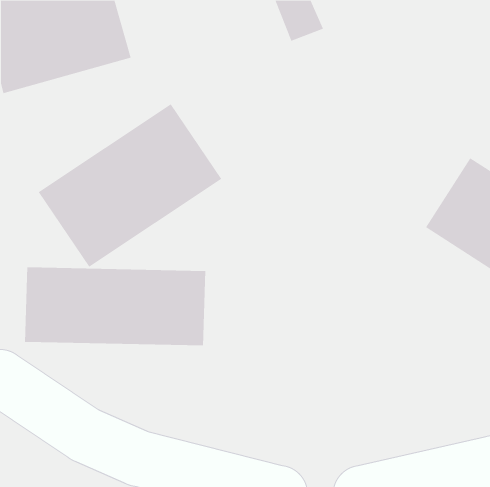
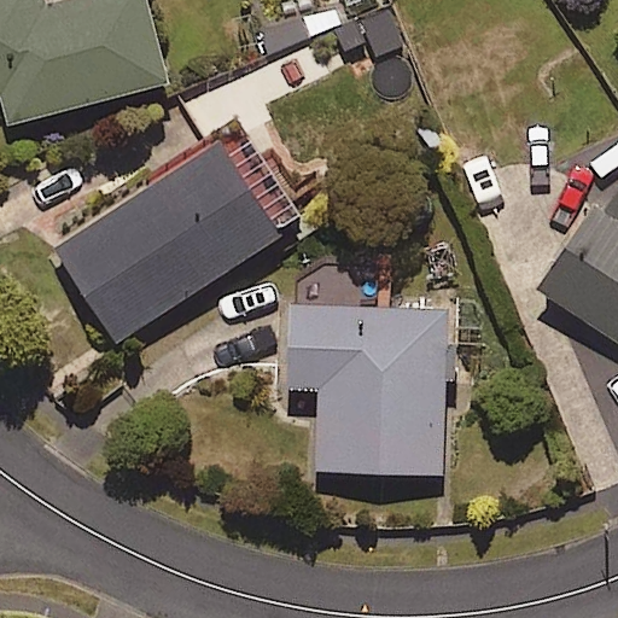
building: none -> [282,298,449,474]
building: [24,267,206,346] -> none

